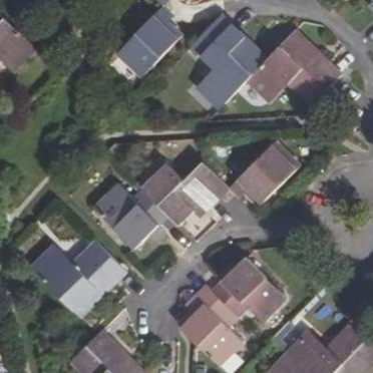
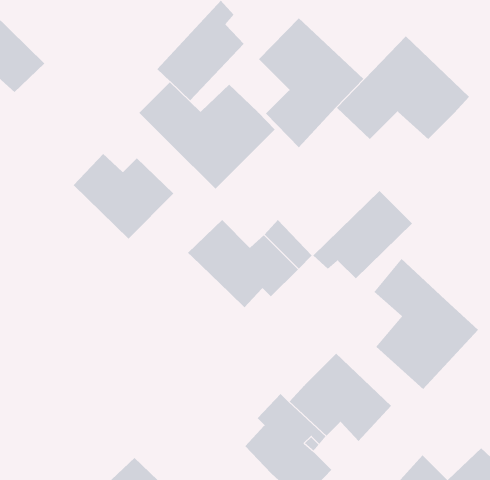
building: none -> [139,82,275,189]
building: [95,185,168,248] -> [73,153,174,240]
building: none -> [373,258,479,390]
building: [29,240,123,314] -> none

